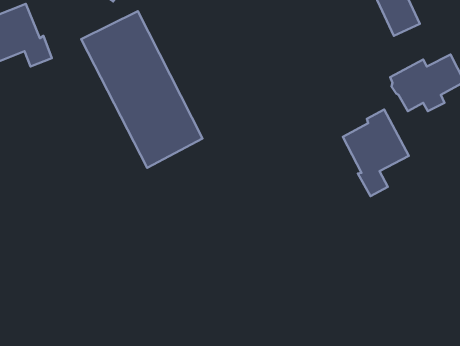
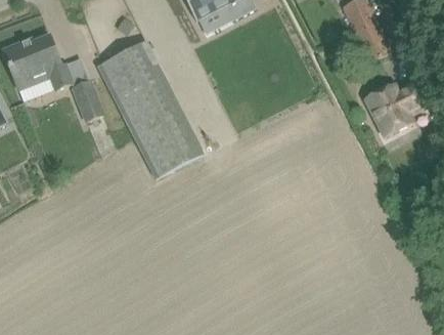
building: none -> [73,80,101,119]
building: [343,109,409,196] -> none

